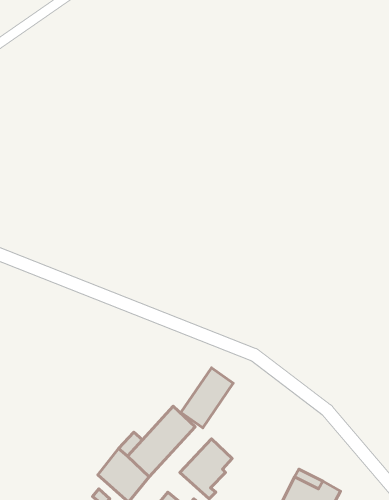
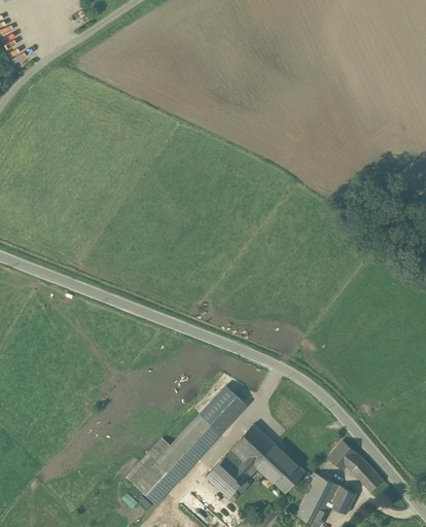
building: none -> [235,425,306,494]
building: none -> [328,442,384,492]

